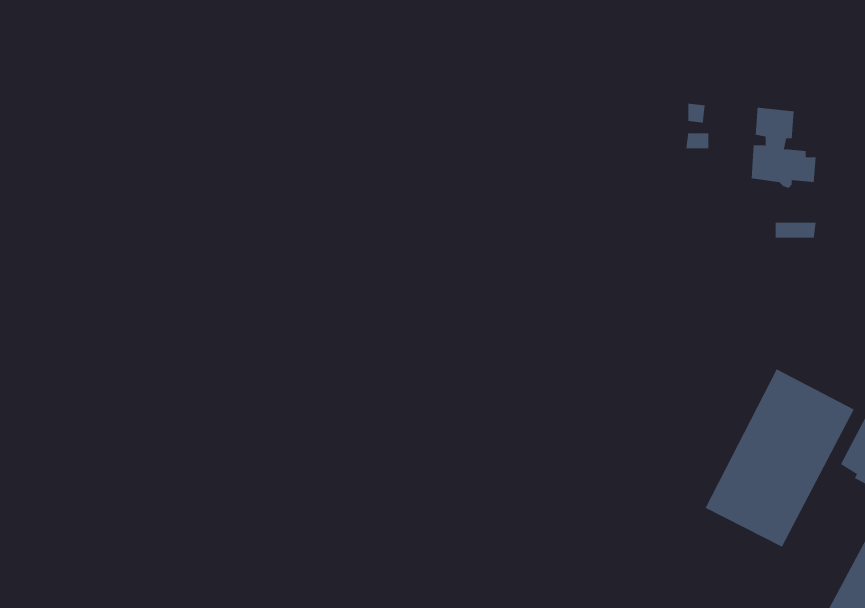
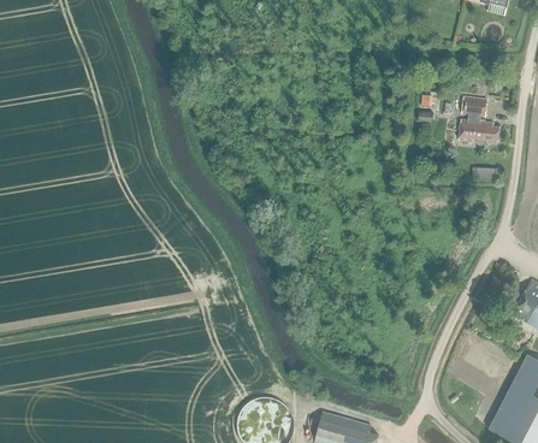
building: [705,368,855,547] -> none

